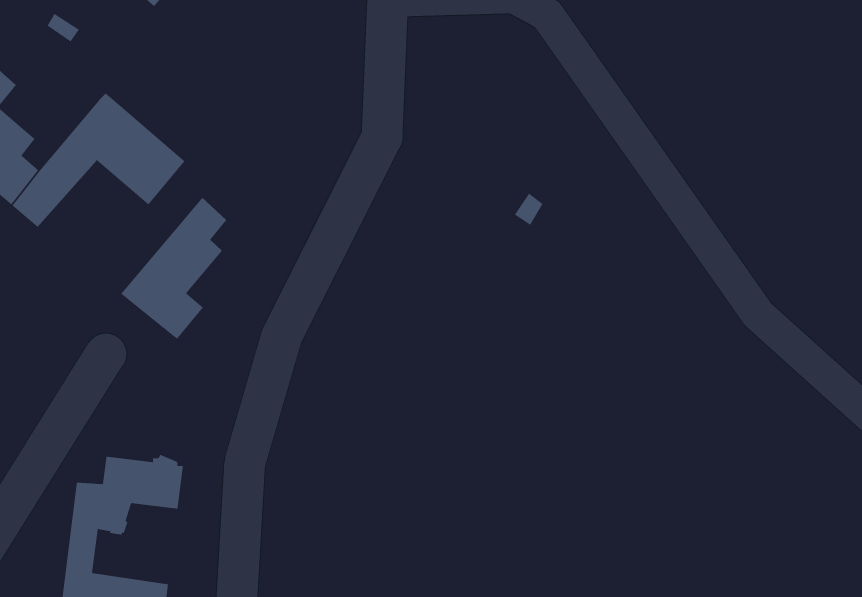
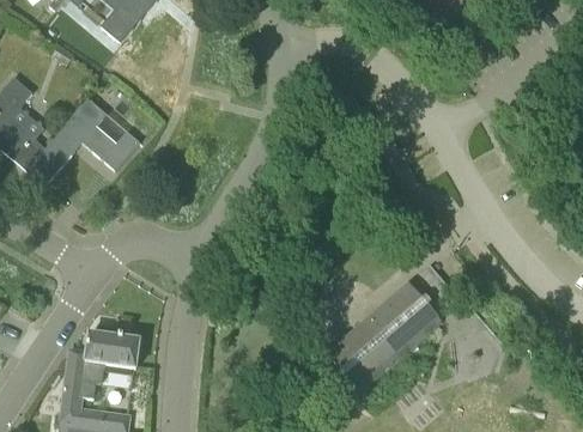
building: [120,197,227,340] -> none
building: none -> [327,284,442,391]

